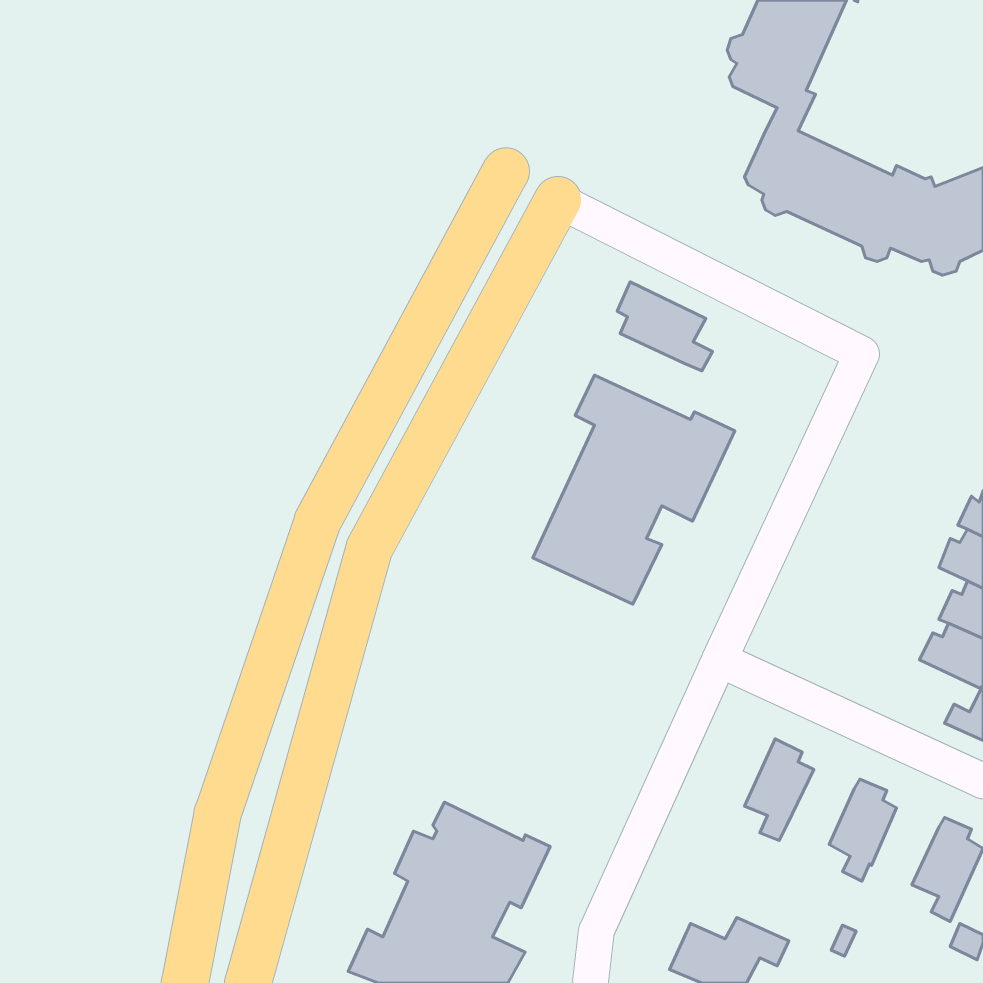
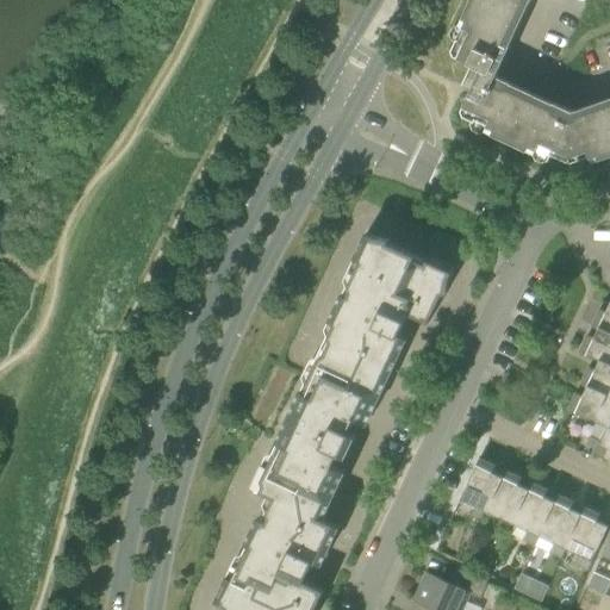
building: [617,282,712,371] -> none
building: none -> [262,346,392,521]
building: none -> [487,469,529,534]
building: none -> [540,494,581,558]

